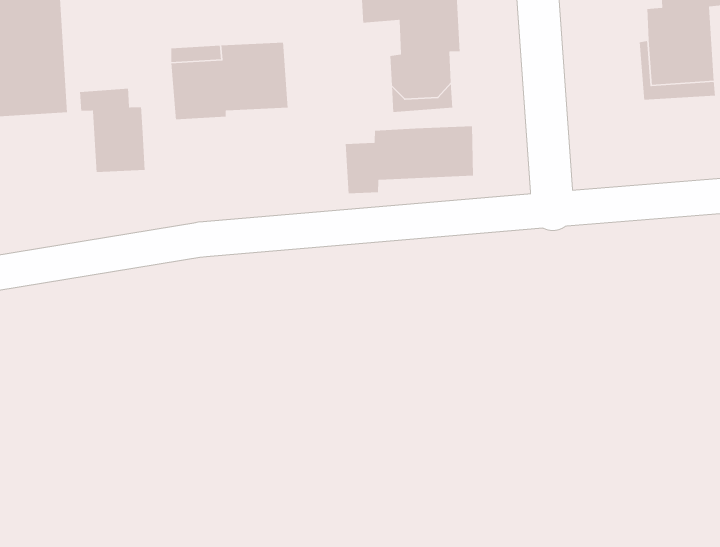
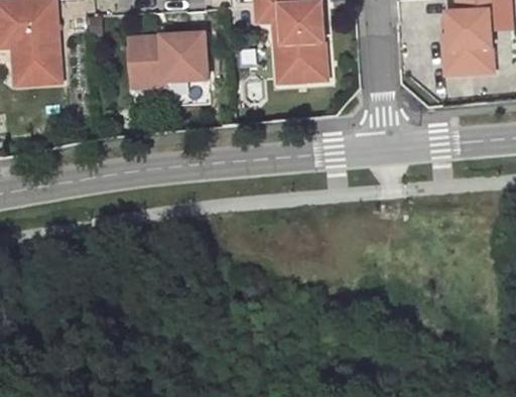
building: [79,88,145,173] -> none
building: [345,125,474,194] -> none

